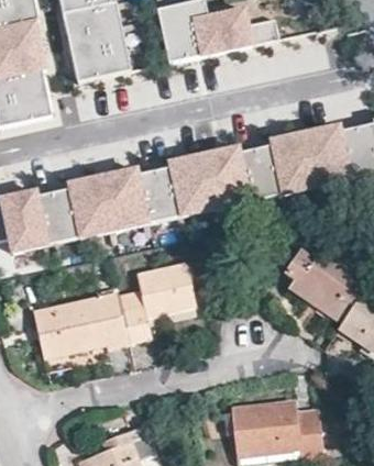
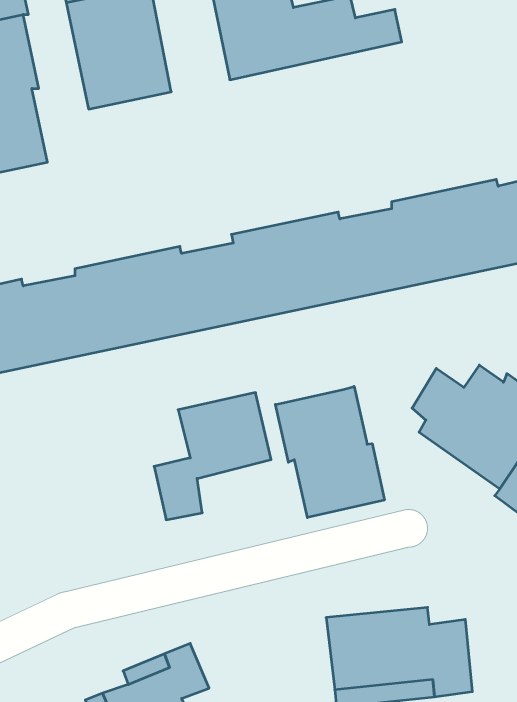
building: none -> [275,386,384,518]
building: [33,293,127,357] -> none

